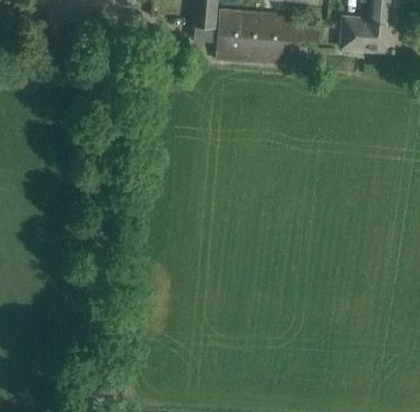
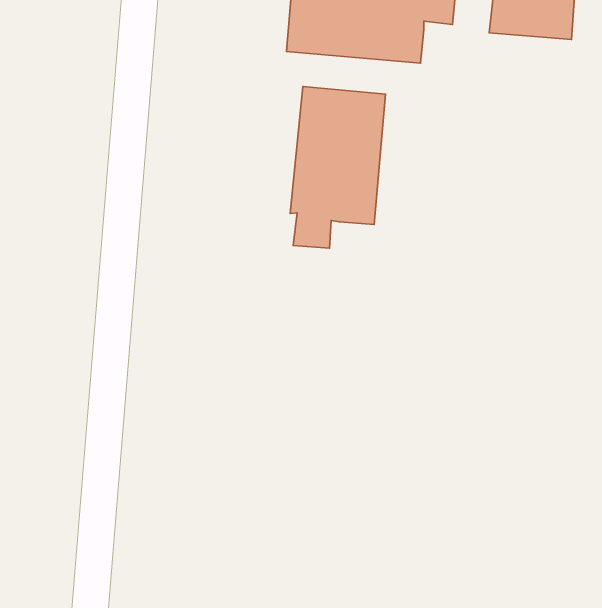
building: none -> [290,86,386,248]

